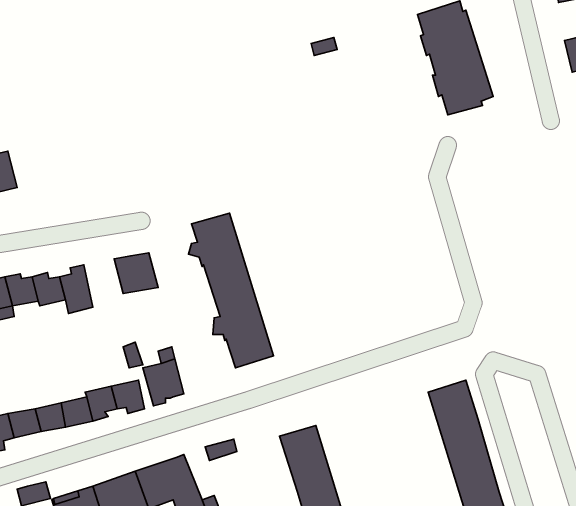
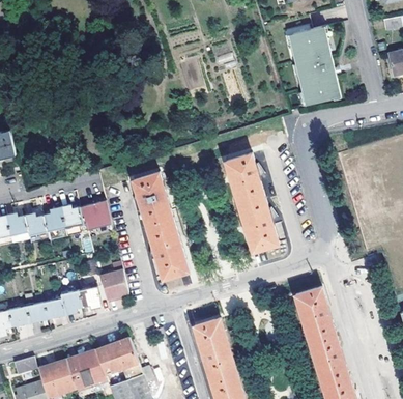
building: none -> [226,152,280,251]
building: none -> [60,203,88,236]

